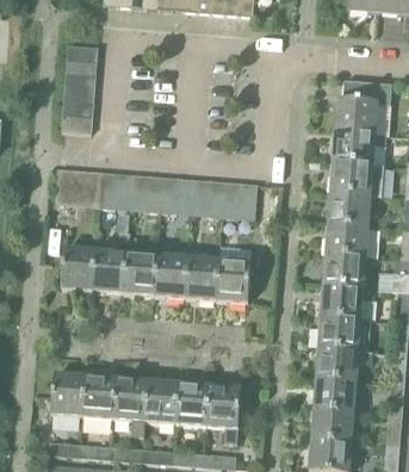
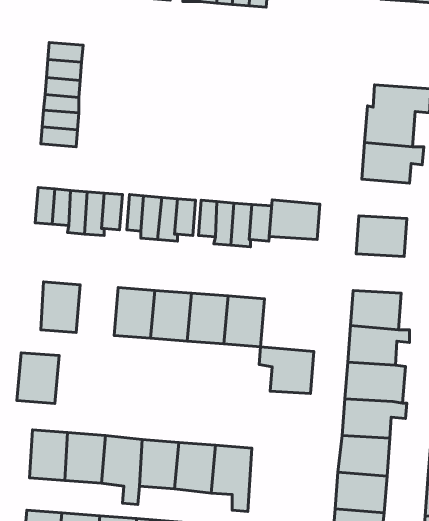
building: [330,161,373,194] -> [269,200,320,239]
building: [326,224,368,257] -> none
building: [91,250,126,293] -> [17,353,59,403]
building: none -> [259,347,314,394]

